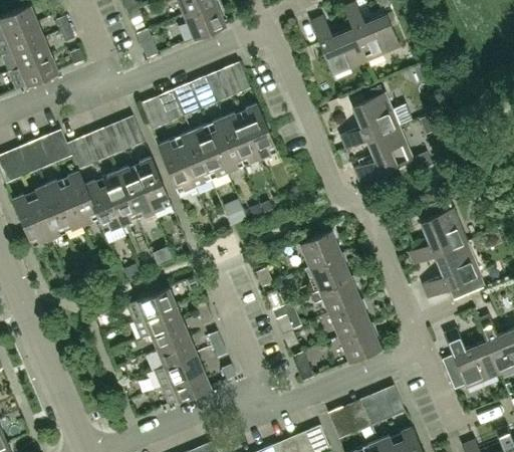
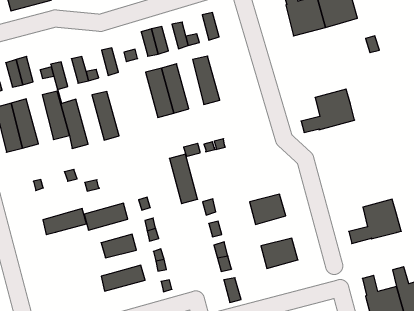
building: [339,92,412,149] -> none
building: [240,103,277,158] -> none
building: [207,117,243,172] -> none
building: [157,138,194,193] -> [169,154,198,204]
building: [134,158,171,212] -> none
building: [100,171,138,226] -> none
building: [45,178,81,233] -> none
building: [409,197,466,264] -> none
building: [298,229,340,266] -> none
building: [318,276,360,313] -> none
building: [134,303,183,337] -> [43,209,87,235]
building: [337,323,380,362] -> none
building: [157,336,197,367] -> none
building: [161,369,211,404] -> none

